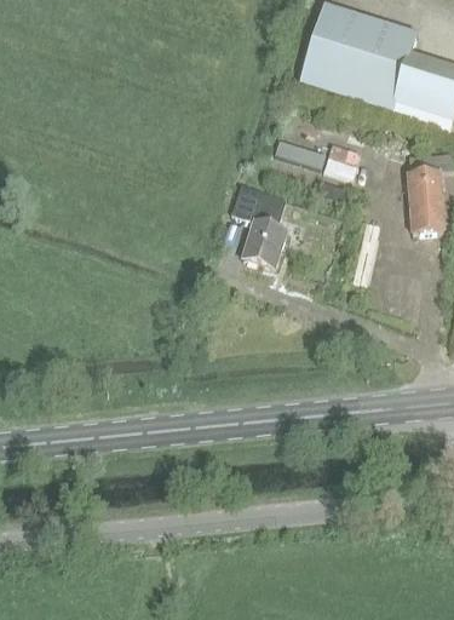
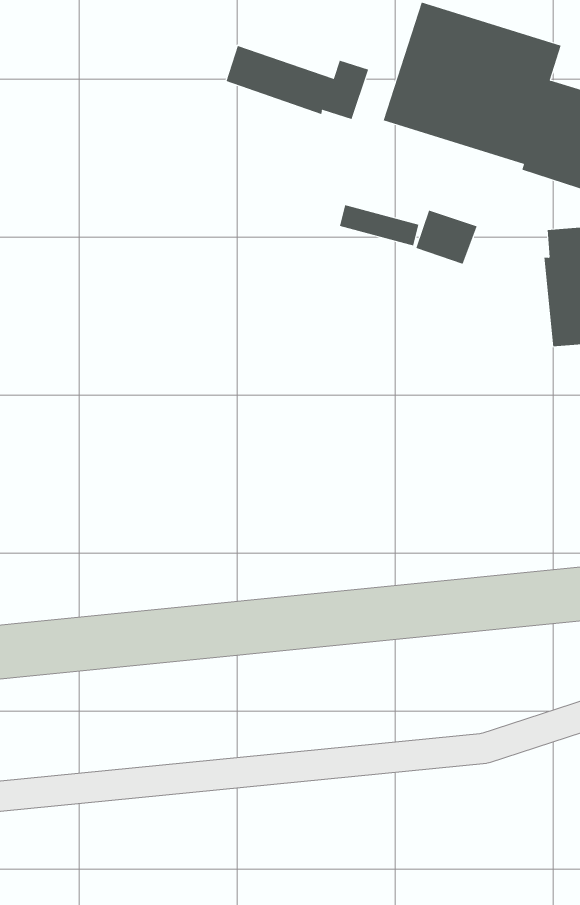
building: none -> [226,45,369,120]
building: [231,184,287,265] -> none

